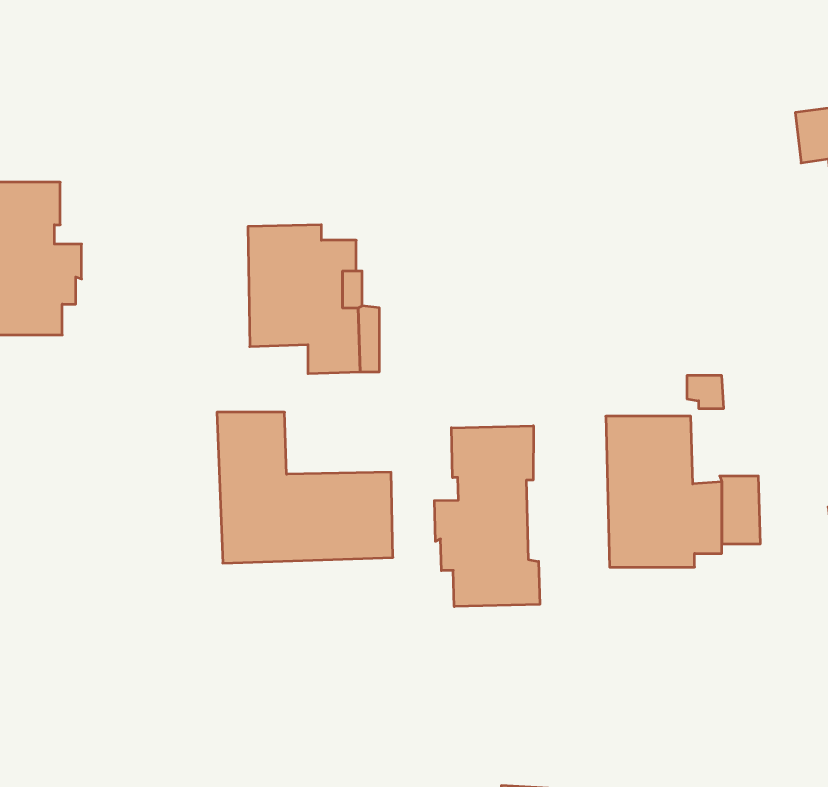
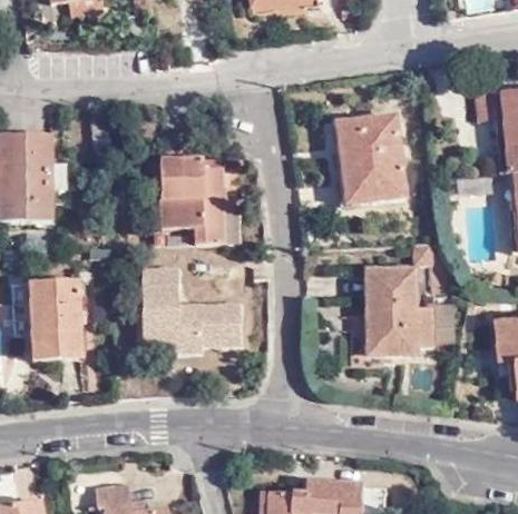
building: none -> [338,115,405,204]
building: [434,426,540,607] -> none
building: none -> [29,280,82,359]

